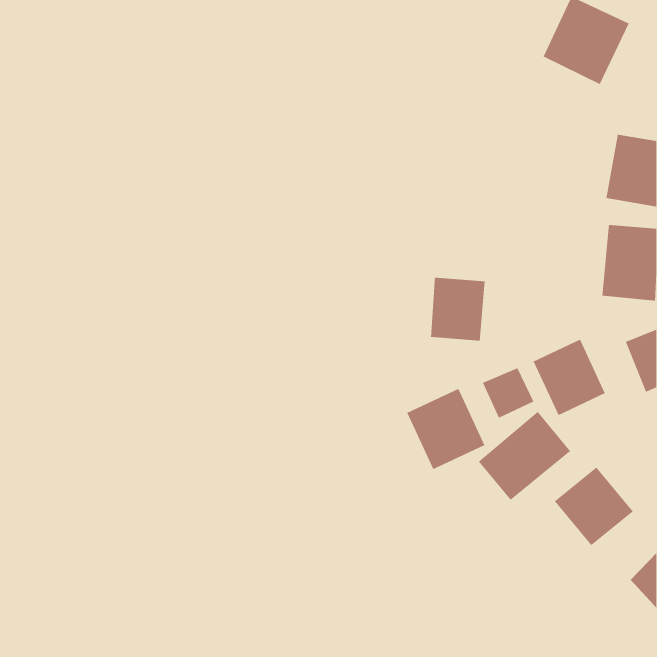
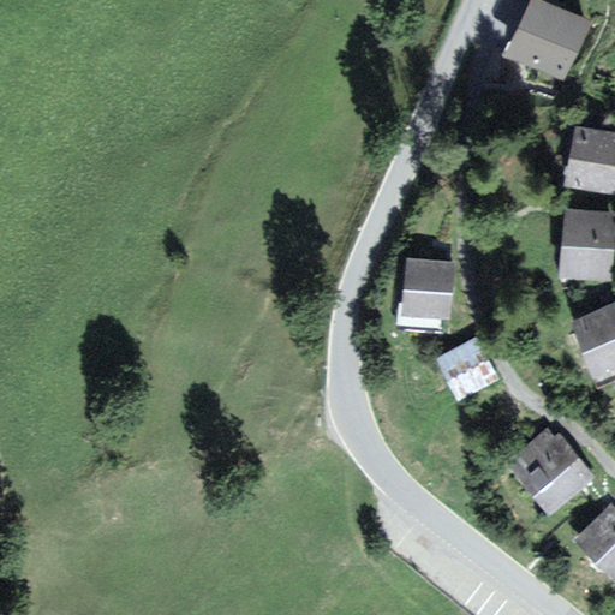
building: [532,339,606,416] -> none
building: [406,388,486,470] -> none
building: [478,411,571,501] -> none

